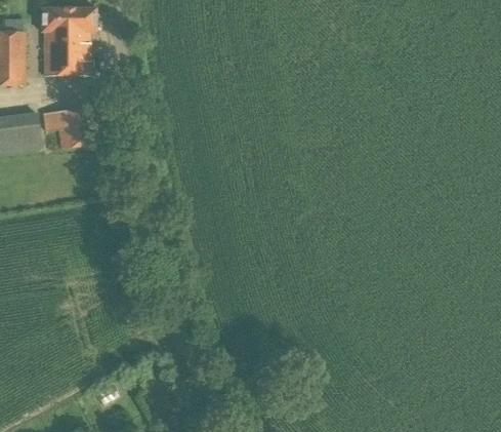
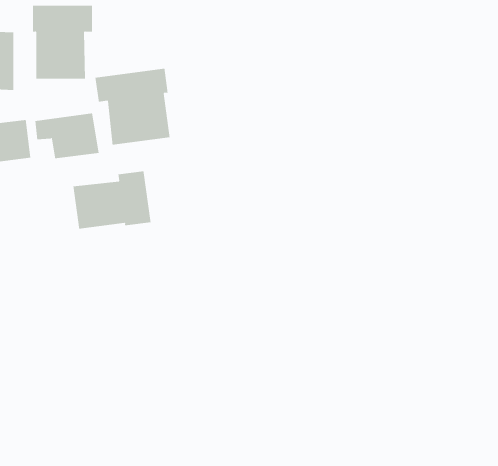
building: none -> [95,68,170,146]
building: none -> [73,170,151,229]

